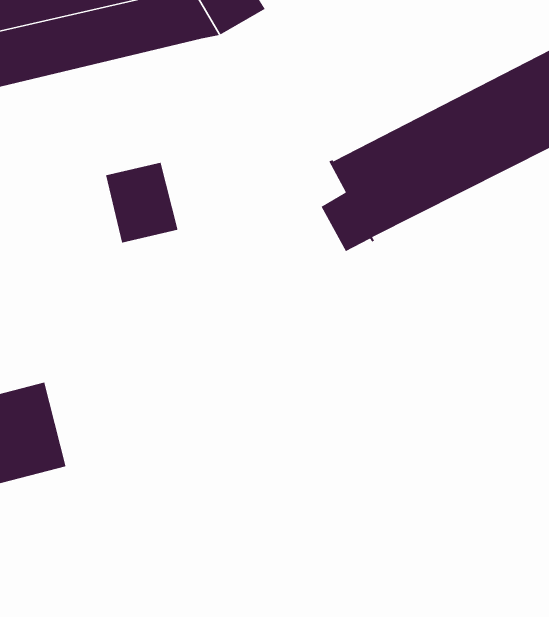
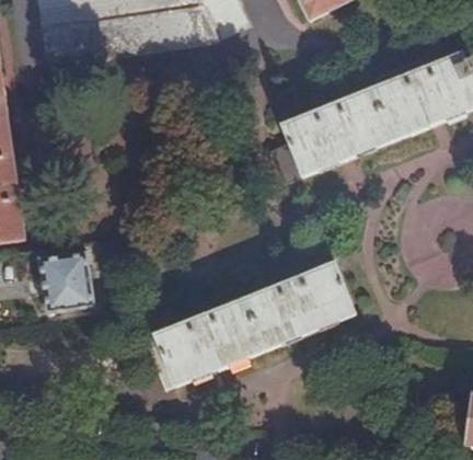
building: [105,162,179,244] -> none
building: none -> [154,258,358,388]

